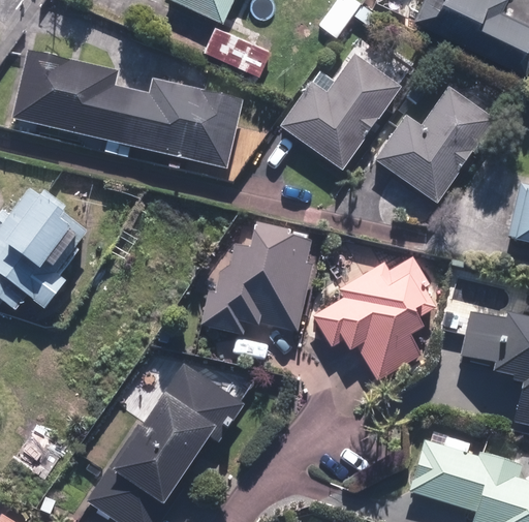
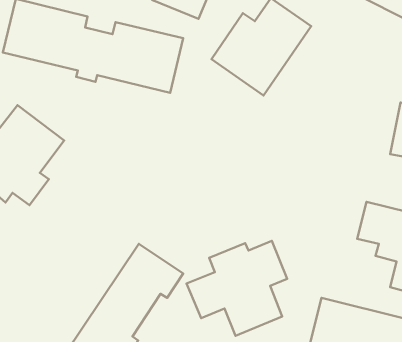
building: [372,90,489,203] -> none
building: [196,220,316,357] -> none
building: [310,259,439,381] -> [187,241,287,336]

